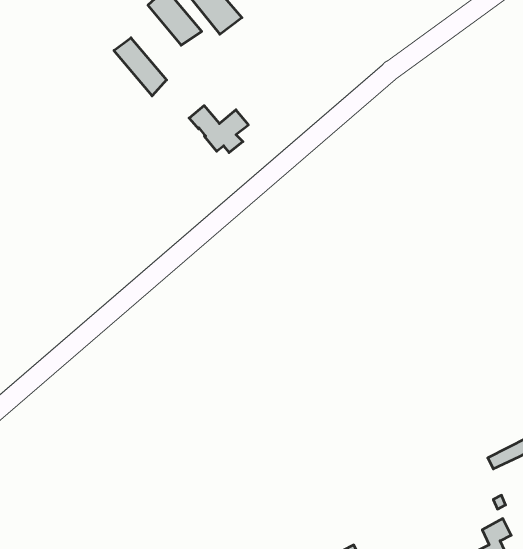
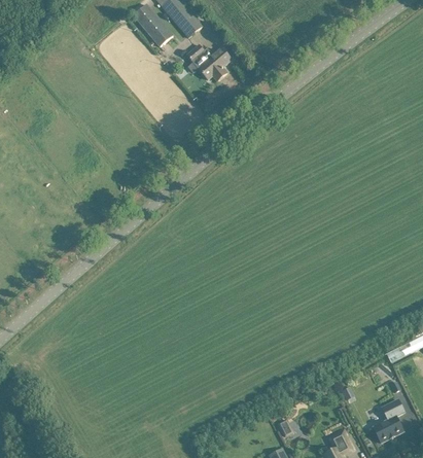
building: [114,38,167,96] -> none
building: [189,106,248,153] -> [186,45,231,80]

